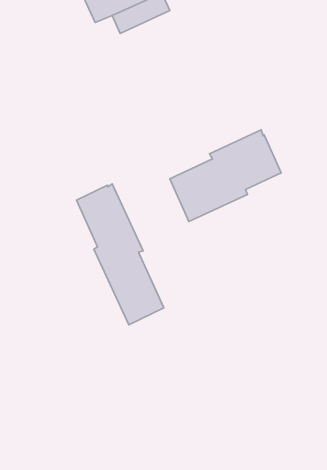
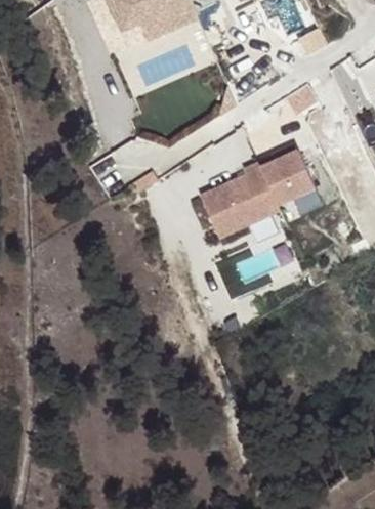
building: [76,184,164,325] -> none

